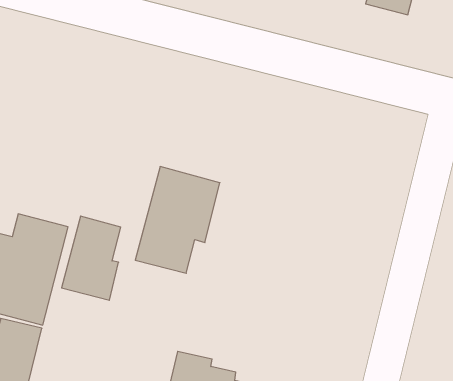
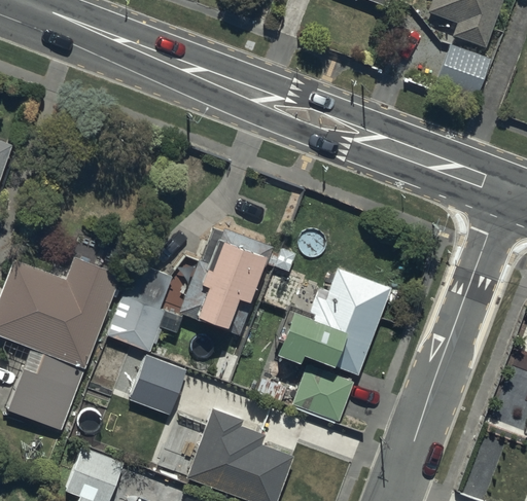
building: none -> [275,266,389,374]
building: none -> [292,366,354,424]
building: none -> [131,355,185,411]

